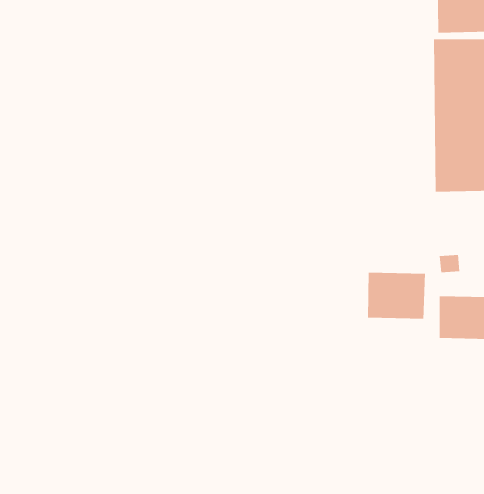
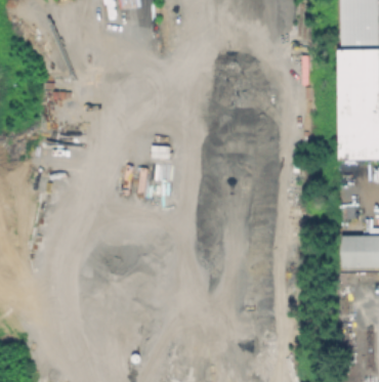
building: [367,272,426,320] -> none

